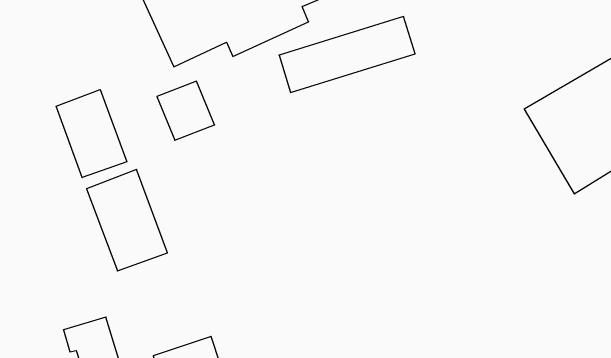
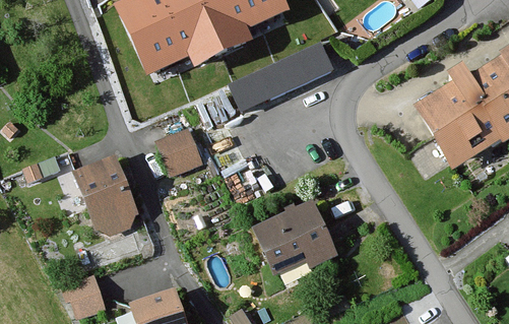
building: [157,81,215,140] -> [152,127,198,174]
building: [56,90,127,178] -> none
building: none -> [256,201,337,279]

